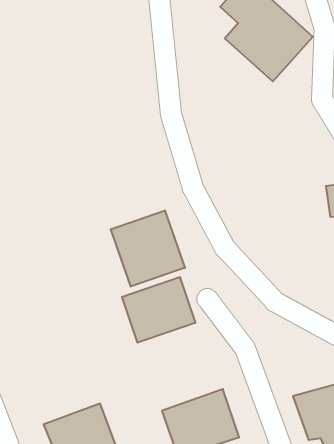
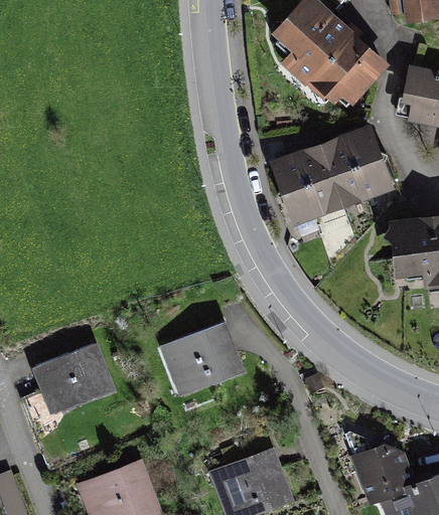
building: none -> [274,127,392,225]
building: [111,210,185,287] -> none
building: none -> [33,345,108,412]

